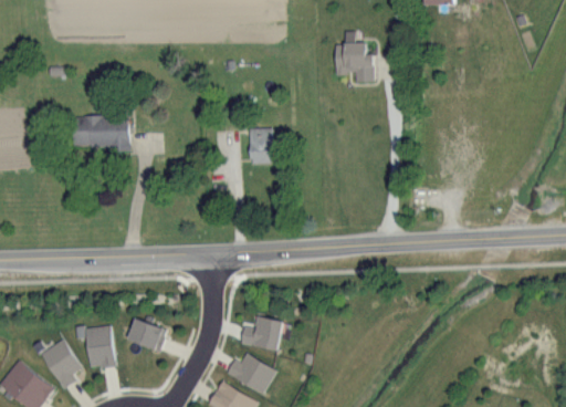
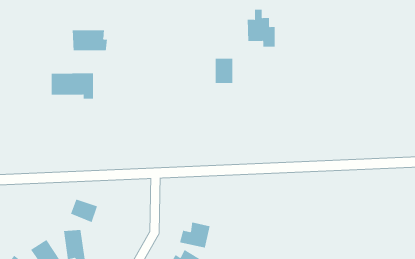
building: none -> [72,30,107,51]
building: [247,128,271,163] -> [215,58,233,84]
building: [128,320,166,352] -> [70,199,98,223]

